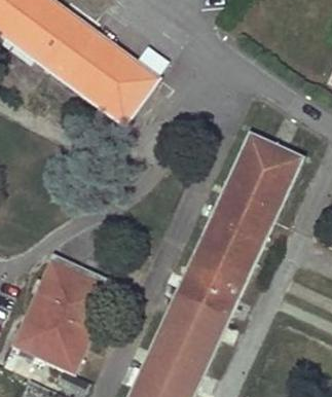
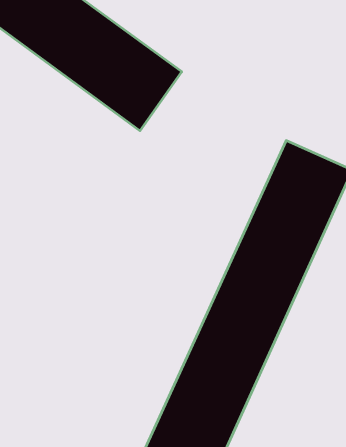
building: [13,259,114,372] -> none

